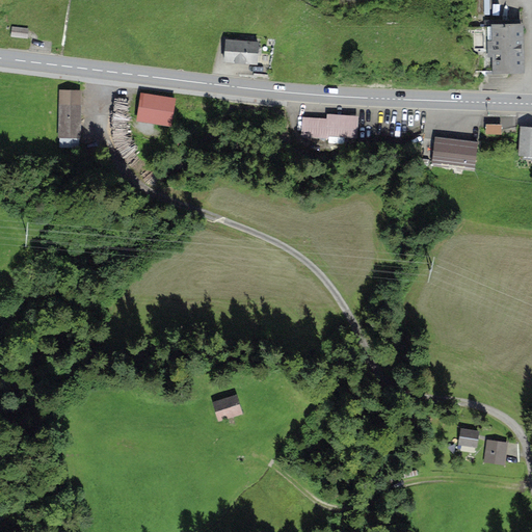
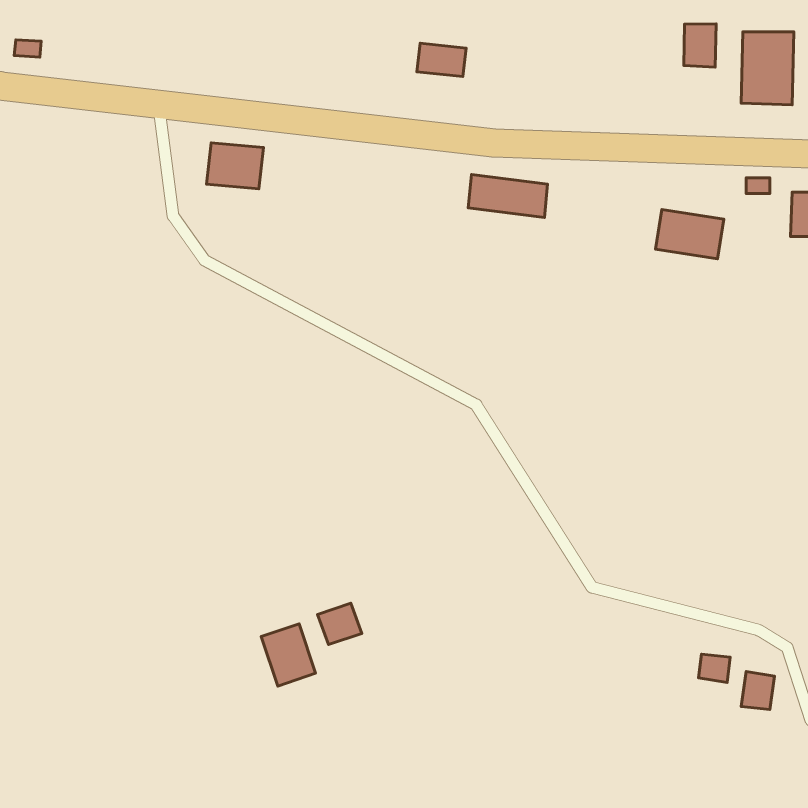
building: none -> [684,24,716,67]
building: [229,42,261,63] -> [417,43,466,77]
building: [59,88,82,136] -> none
building: none -> [261,624,316,686]

